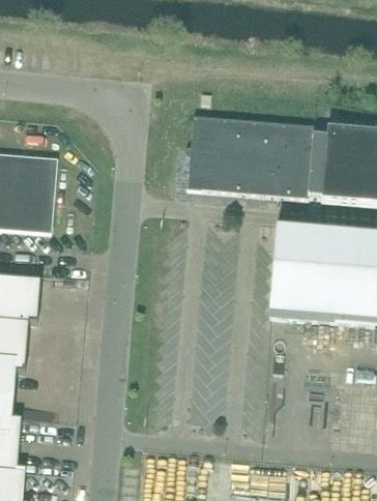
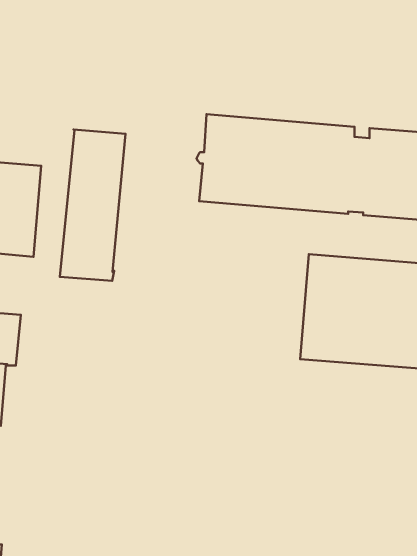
building: none -> [60,130,126,281]

